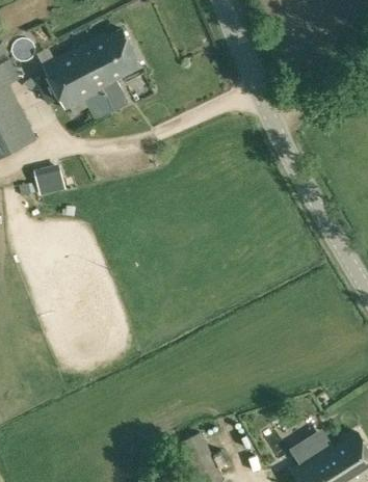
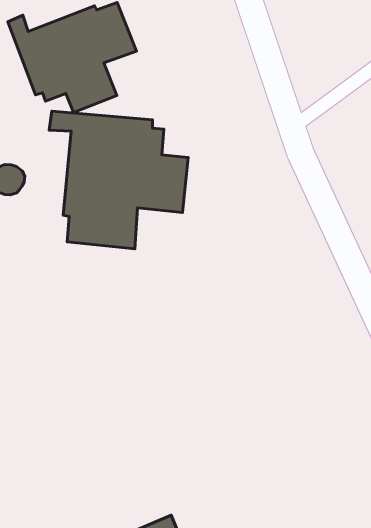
building: none -> [49,111,188,249]

